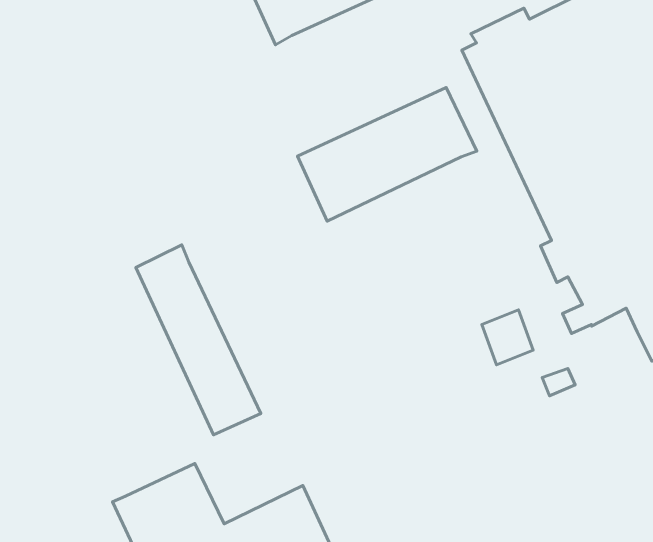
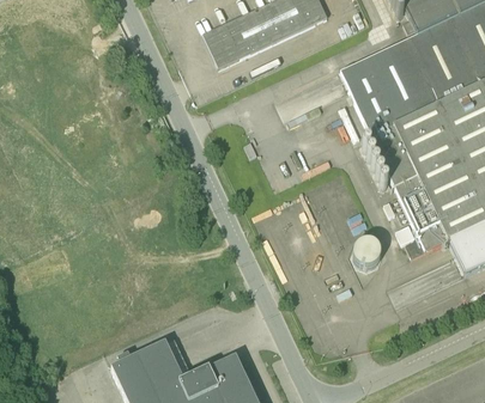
building: [297,88,477,221] -> none
building: [136,245,261,435] -> none

